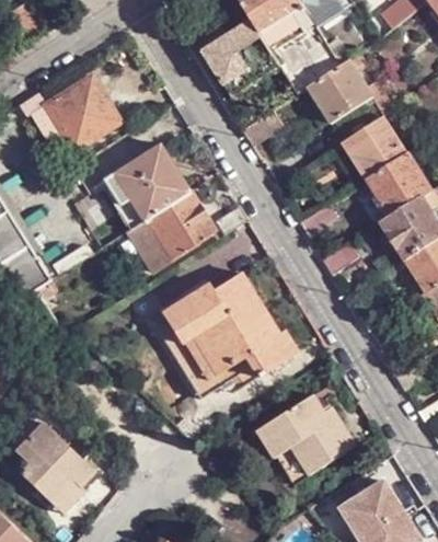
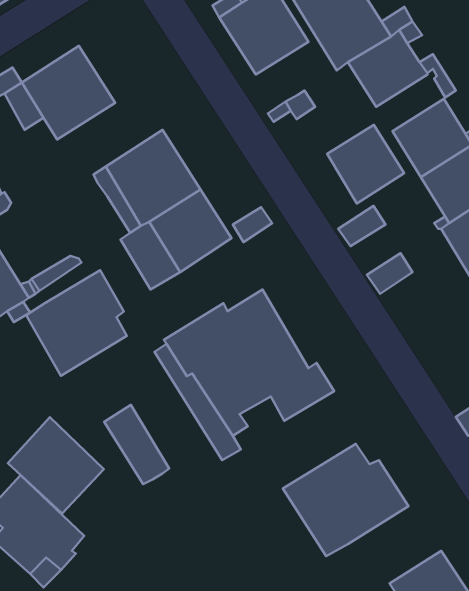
building: none -> [327,125,404,203]
building: none -> [26,270,127,376]
building: none -> [104,405,169,484]
building: none -> [8,417,104,514]

